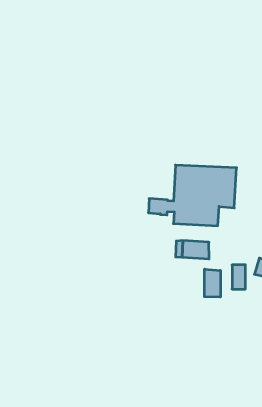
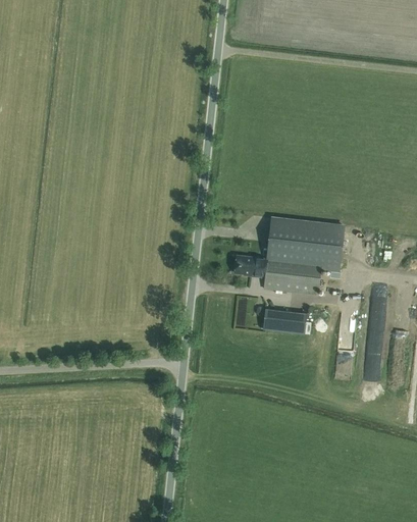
building: [204,269,220,297] -> none

